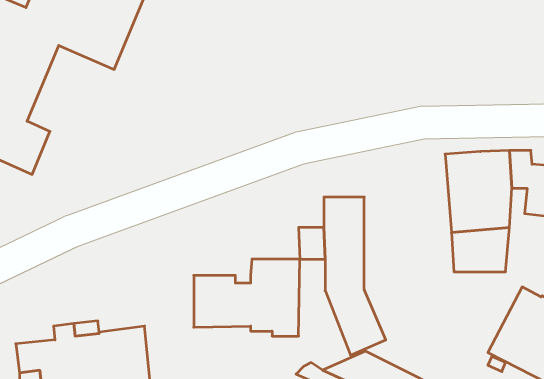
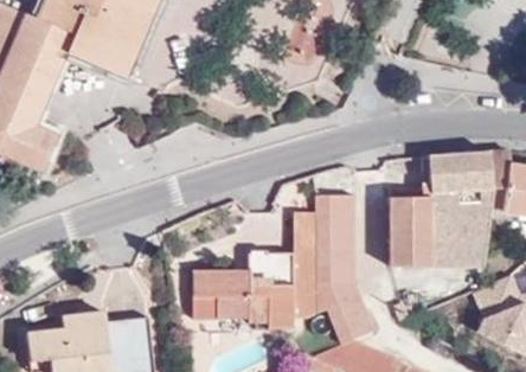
building: none -> [390,195,431,265]

